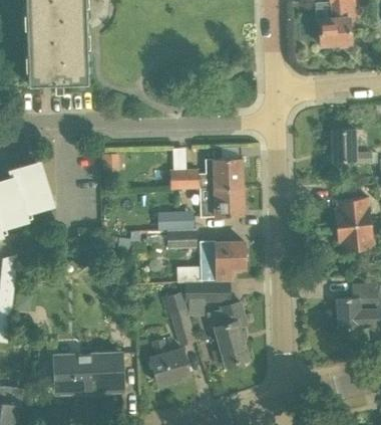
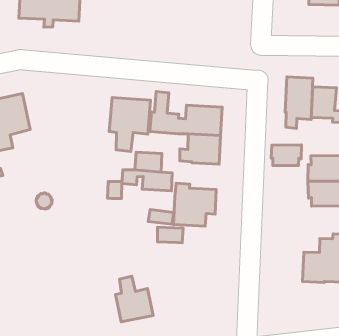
building: none -> [285,77,313,128]
building: none -> [109,98,151,152]
building: none -> [271,145,302,165]
building: [162,291,197,346] -> none
building: [208,300,249,367] -> none
building: [54,354,122,393] -> none

